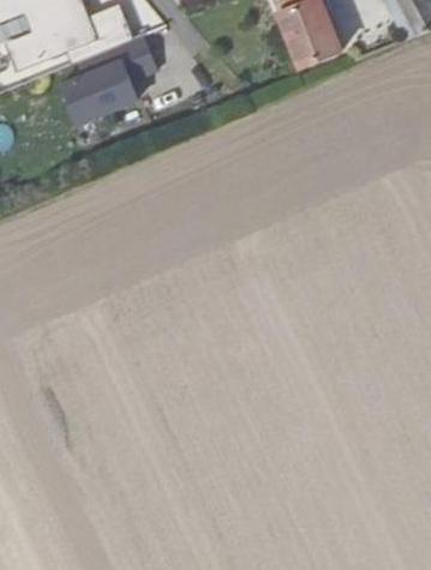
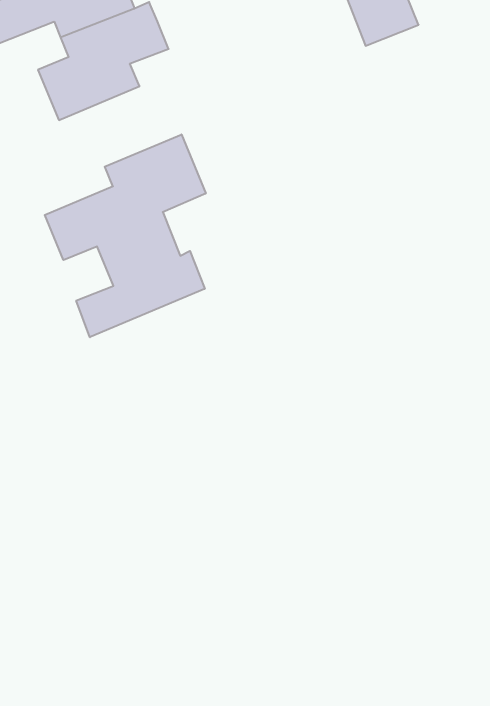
building: none -> [45,134,206,337]

